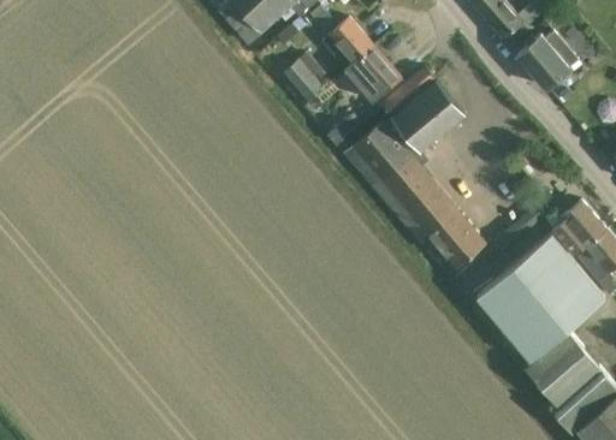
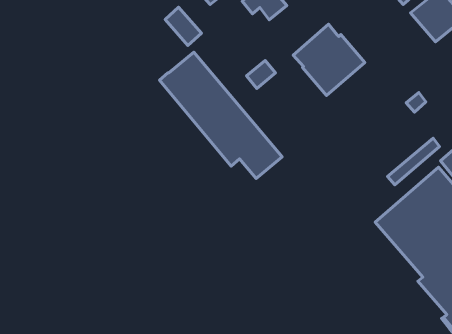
building: [346,46,401,100] -> none
building: [283,58,325,102] -> [165,7,201,45]
building: [344,119,486,266] -> [160,52,282,179]

